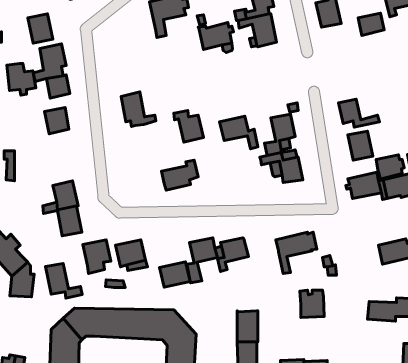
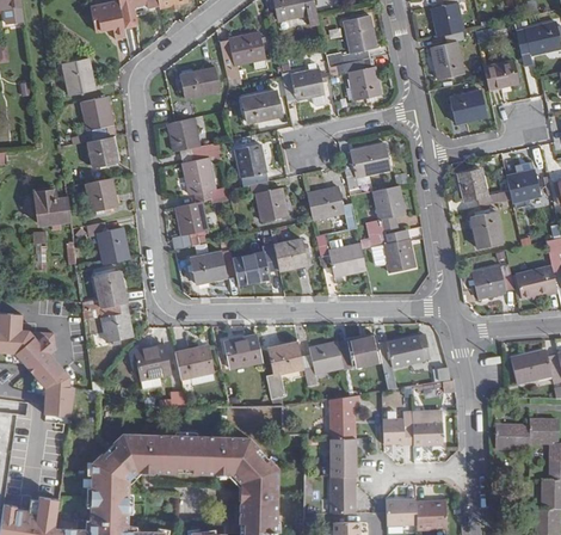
building: none -> [177,68,220,99]
building: none -> [449,88,486,119]
building: none -> [240,91,279,123]
building: [7,63,36,95] -> [33,189,70,229]
building: none -> [167,122,220,164]
building: none -> [341,143,389,189]
building: none -> [235,144,267,186]
building: none -> [172,201,206,250]
building: none -> [87,221,128,265]
building: none -> [316,234,365,277]
building: none -> [275,238,308,270]
building: [376,155,404,179] -> [506,168,542,199]
building: none -> [191,250,236,284]
building: none -> [338,337,382,370]
building: [159,262,190,287] -> [222,337,261,369]
building: [46,264,82,298] -> none
building: none -> [331,394,358,438]
building: none -> [381,412,411,445]

